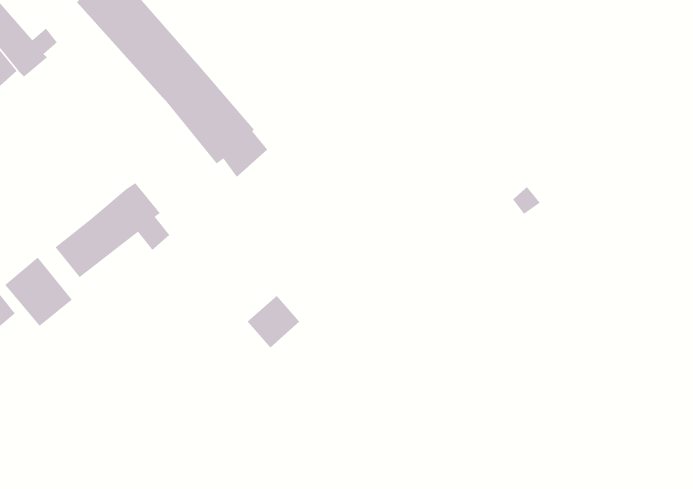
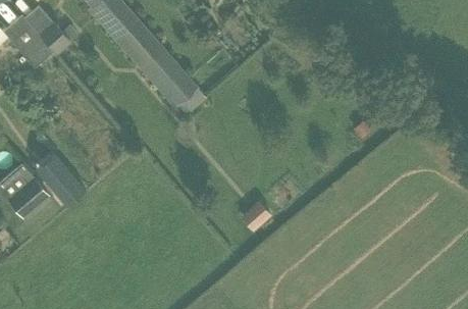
building: [54,182,170,278] -> none
building: [247,295,300,348] -> [240,198,272,230]

